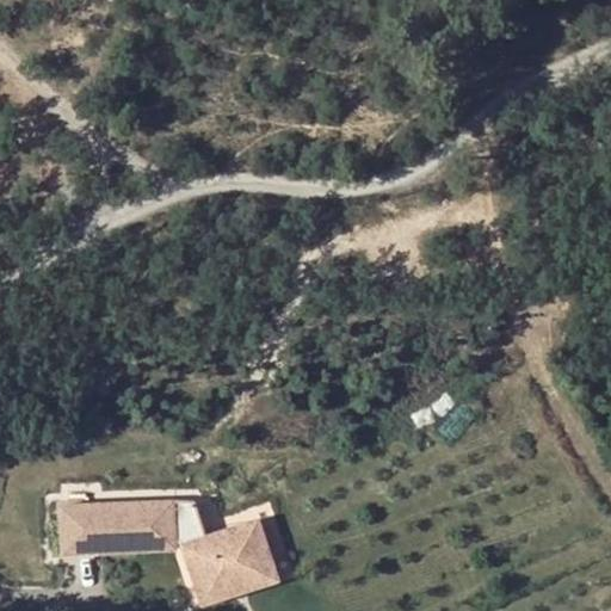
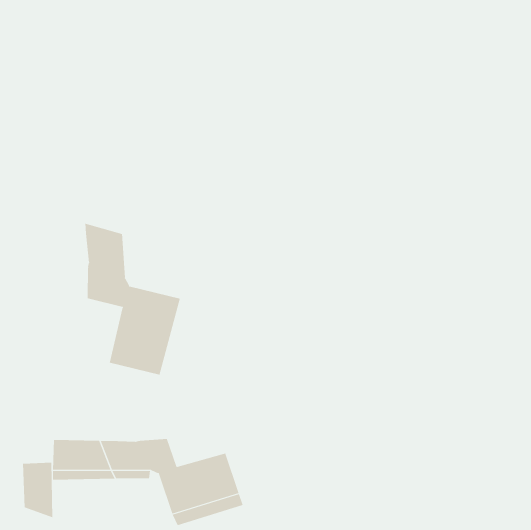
building: none -> [85,223,181,375]
building: none -> [23,462,53,518]

